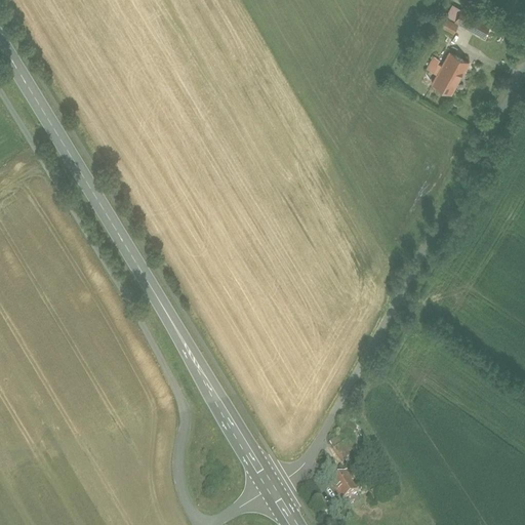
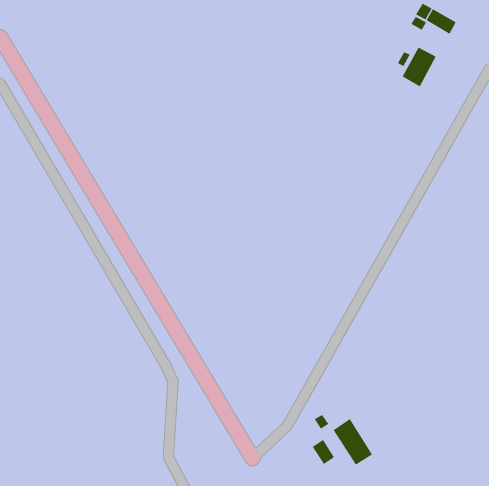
building: none -> [333,418,373,465]

